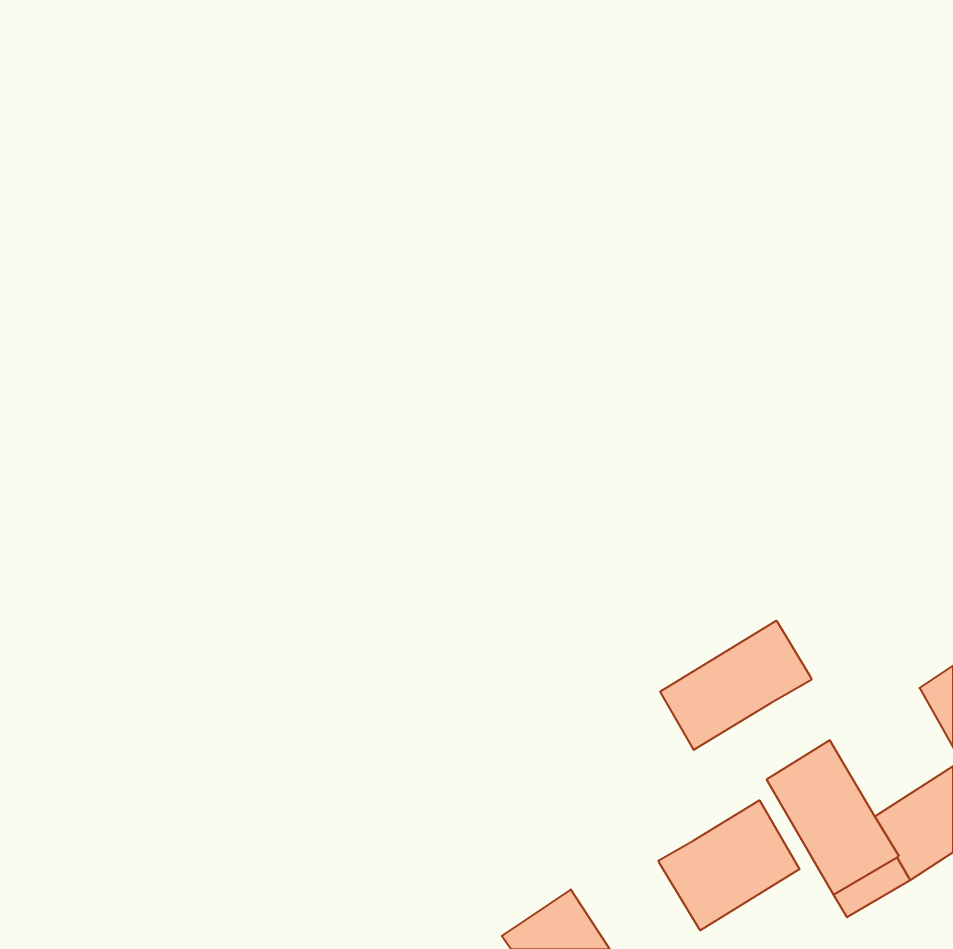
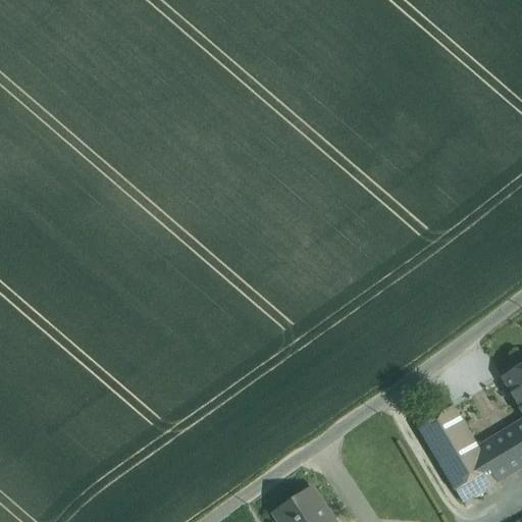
building: [660,621,811,750] -> none
building: [659,800,799,930] -> none

